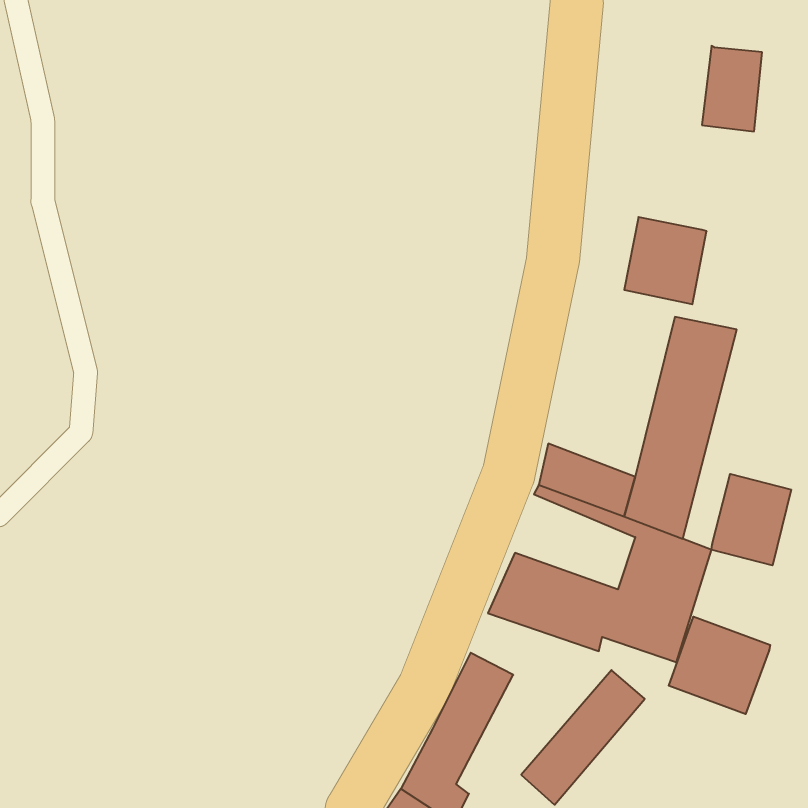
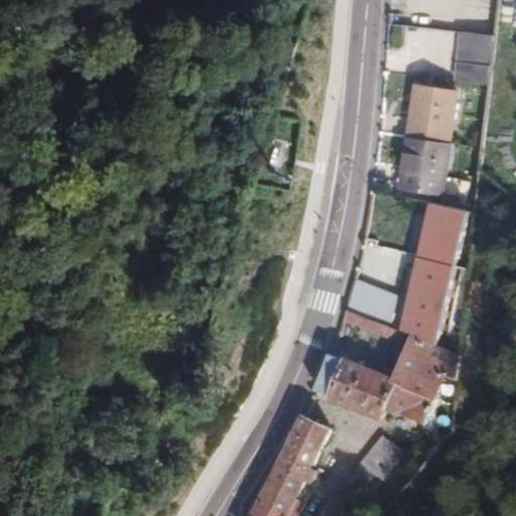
building: none -> [406,91,456,147]
building: [711,474,791,565] -> none
building: [669,617,770,714] -> none

